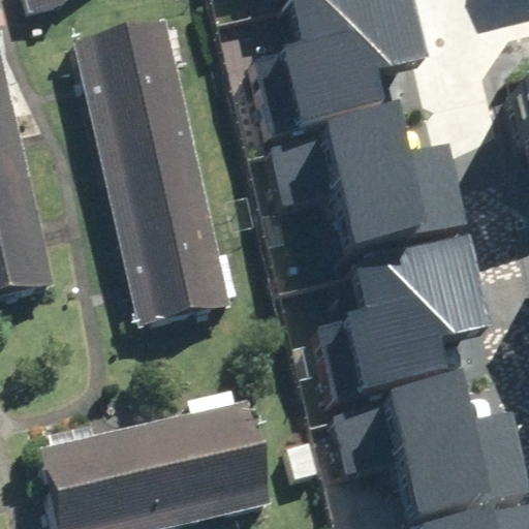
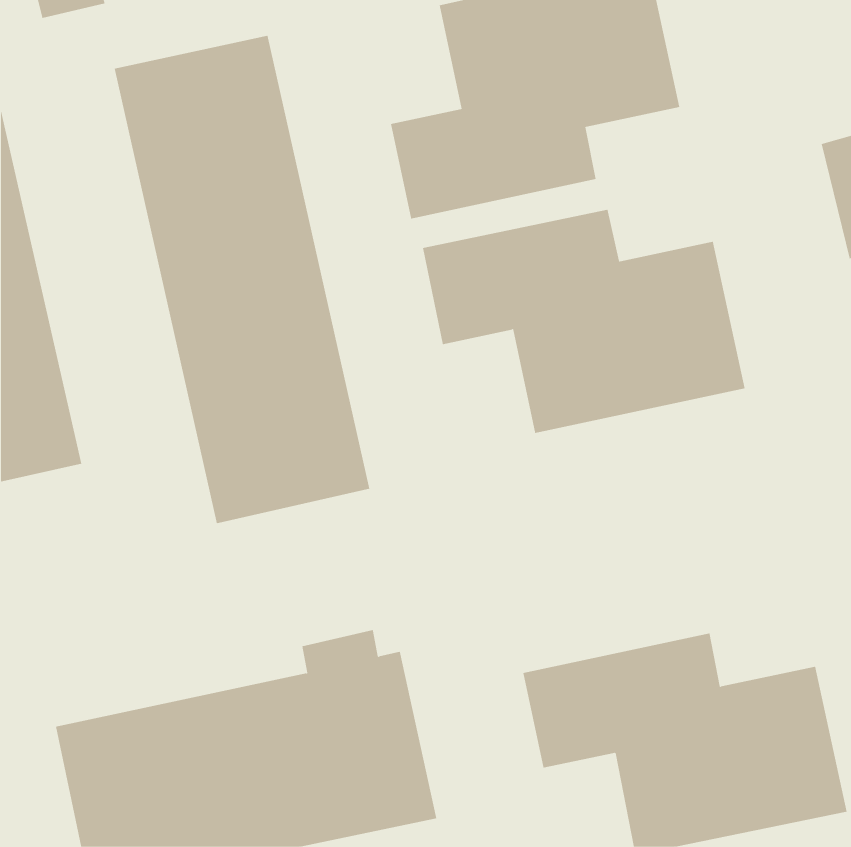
building: [306,250,485,410] -> none

